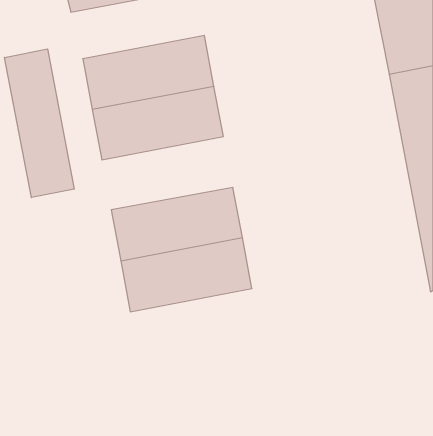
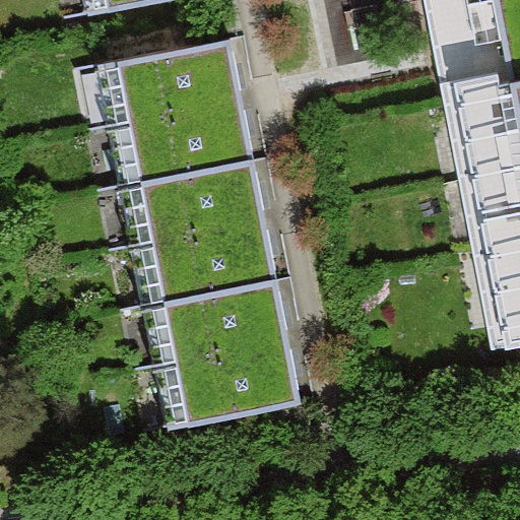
building: [5,49,74,198] -> none
building: none -> [120,160,274,247]
building: none -> [153,339,308,426]

